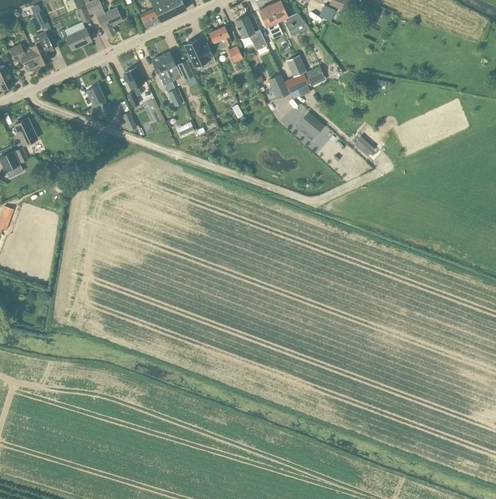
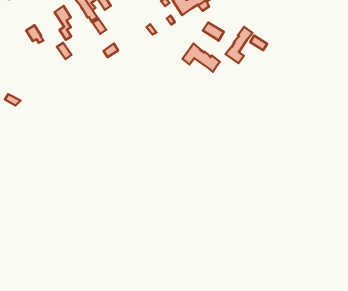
building: none -> [226,27,253,63]
building: none -> [183,44,220,72]

